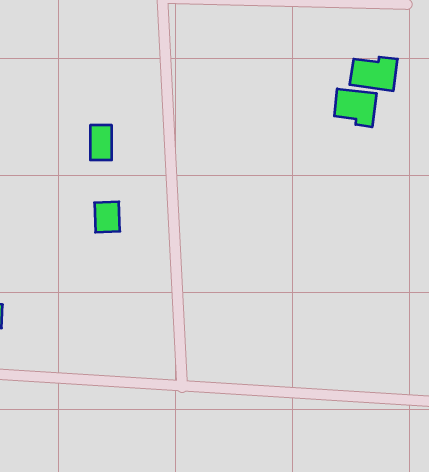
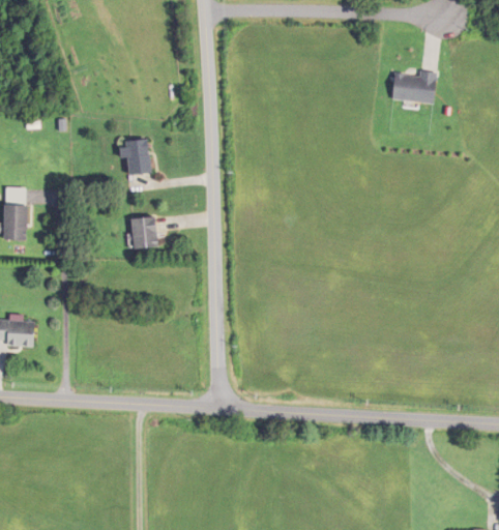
building: [334,89,376,127] -> none

